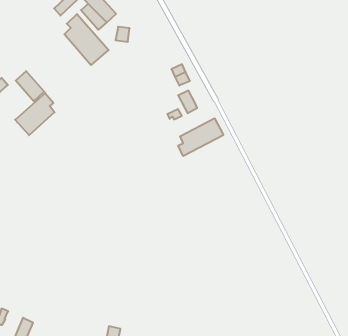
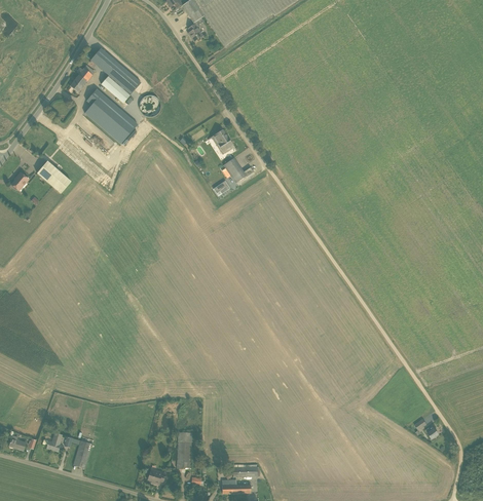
building: [15,93,55,135] -> none
building: [178,118,223,156] -> none

